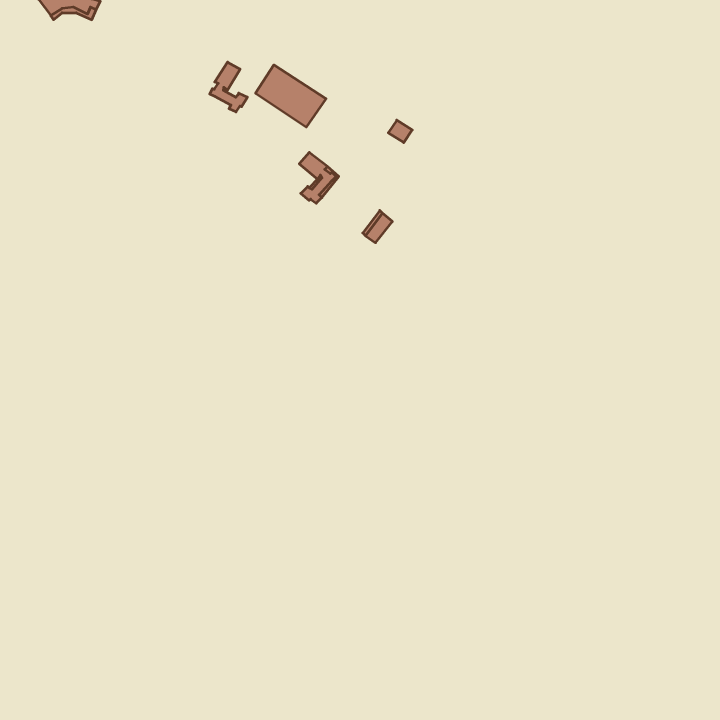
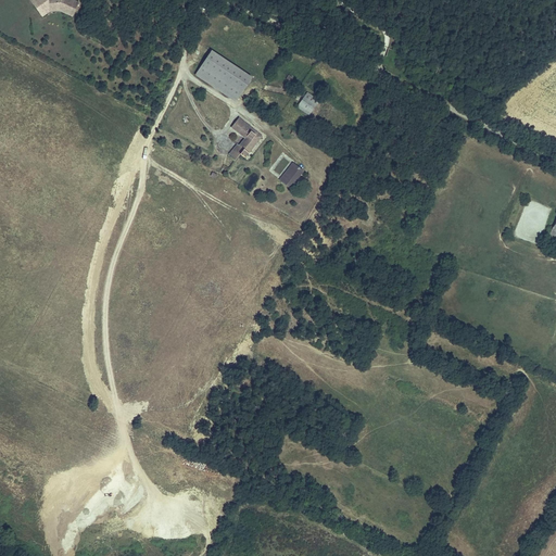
building: [210,62,247,112] -> none

